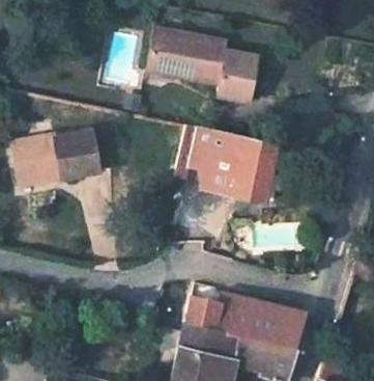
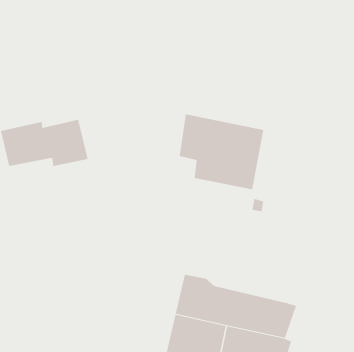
building: [149,32,265,105] -> none

